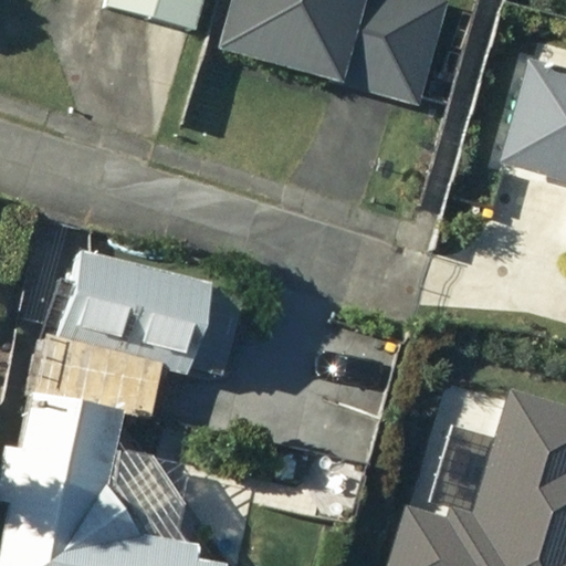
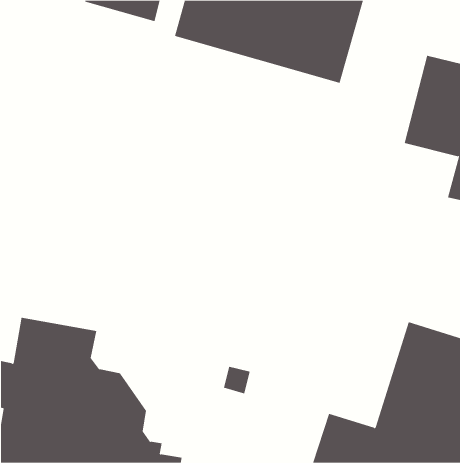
building: [44,247,242,371] -> none

